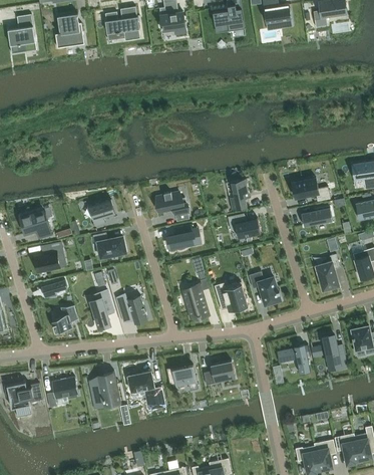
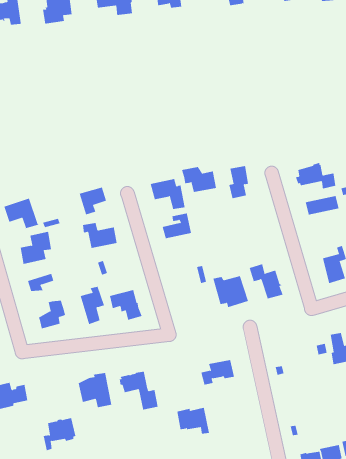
building: [227,214,260,238] -> [181,167,217,193]
building: [183,285,207,318] -> none
building: [276,344,310,375] -> none
building: [166,365,198,390] -> [177,407,210,434]
building: [47,377,78,408] -> [43,418,76,451]

